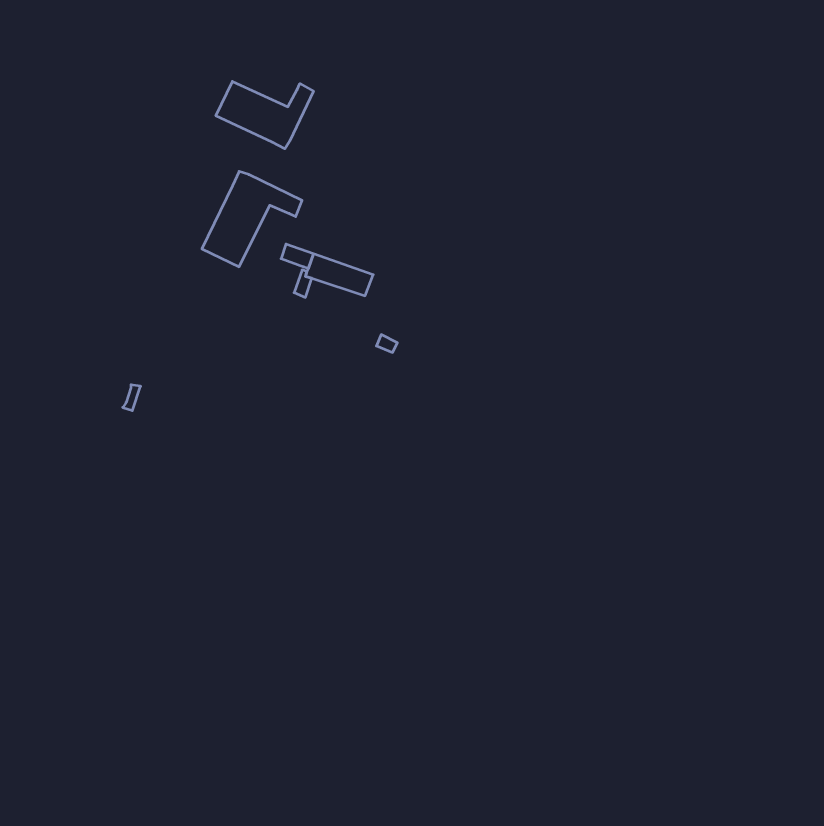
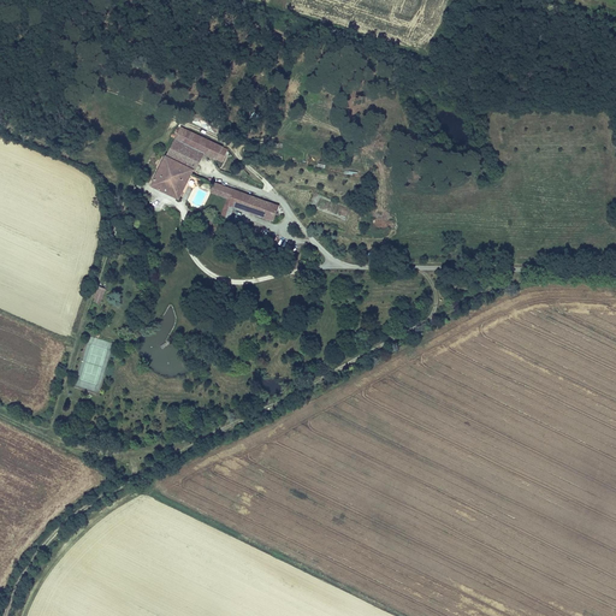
building: [216,81,313,149] -> none

